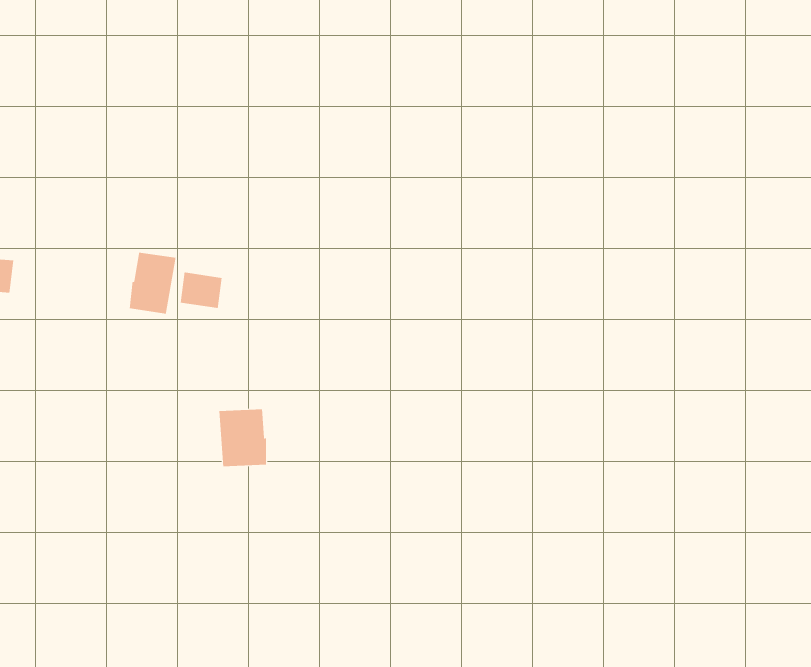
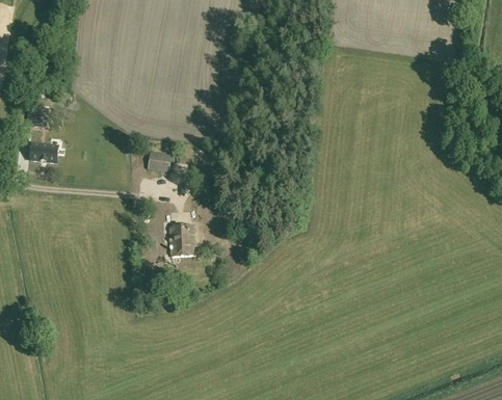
building: [129,252,176,315] -> none

